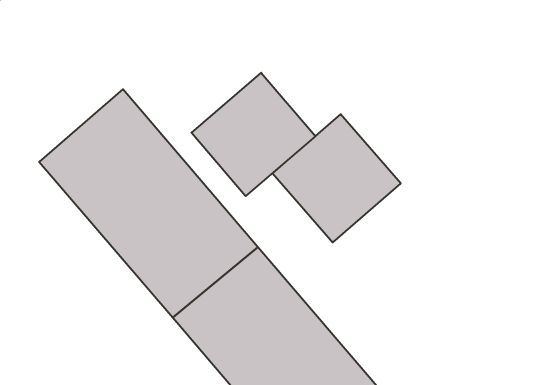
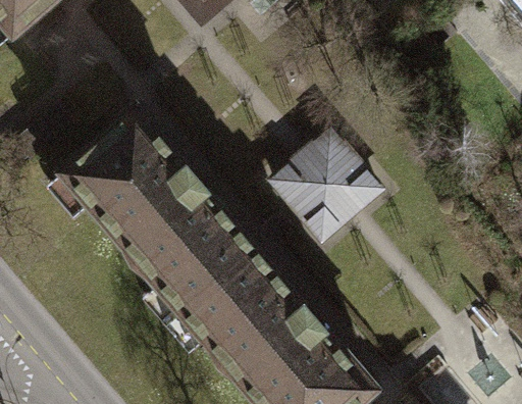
building: [191,73,315,196] -> none

